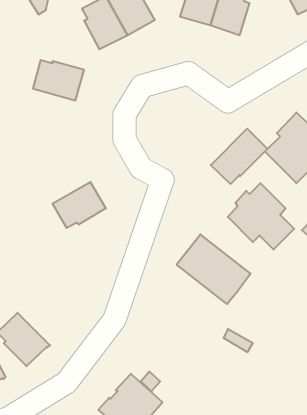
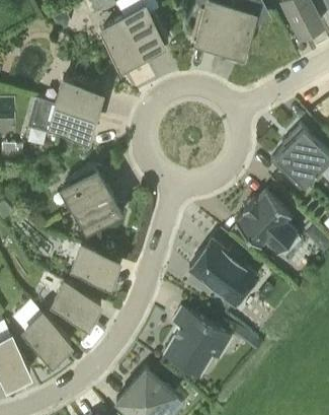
building: none -> [28,99,94,143]
building: [211,129,267,184] -> none
building: none -> [59,166,108,212]
building: none -> [70,246,119,287]
building: none -> [51,283,100,329]
building: none -> [164,309,232,375]

